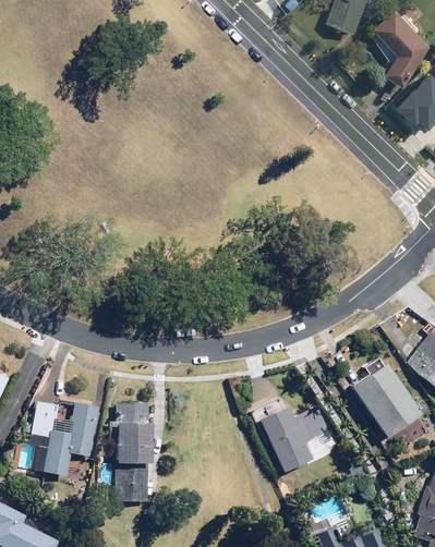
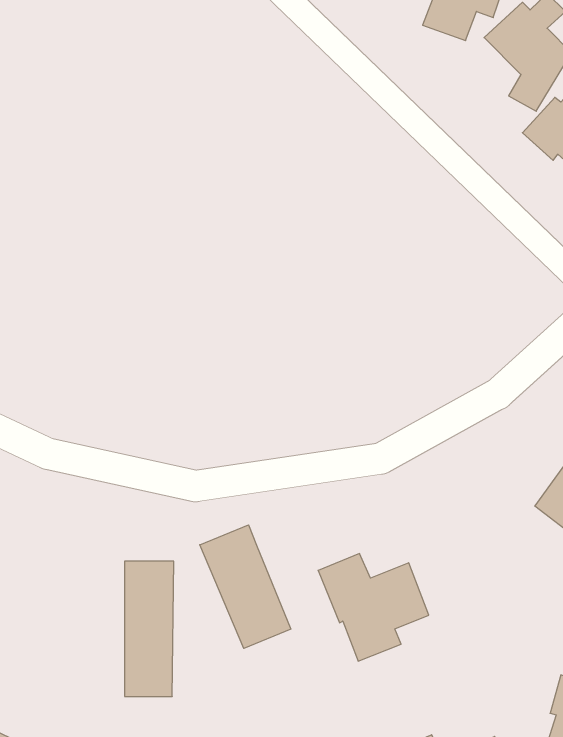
building: [349,357,421,440] -> none
building: none -> [200,525,291,648]
building: [32,400,97,476] -> none

